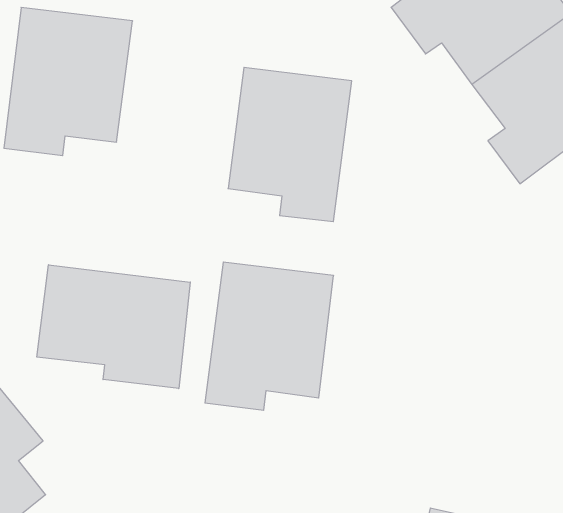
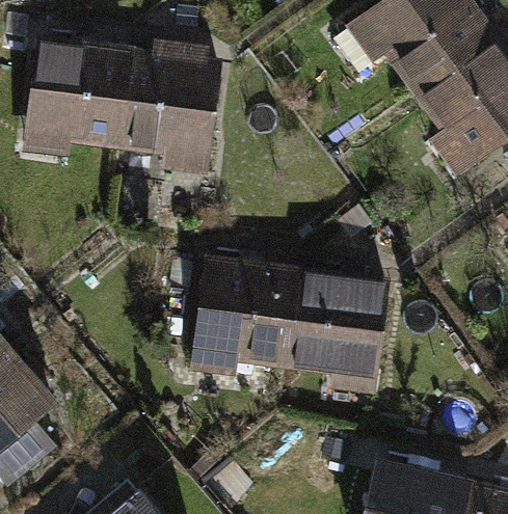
building: [228,67,352,222] -> [114,45,219,175]
building: [37,265,190,389] -> none
building: none -> [286,261,390,393]

